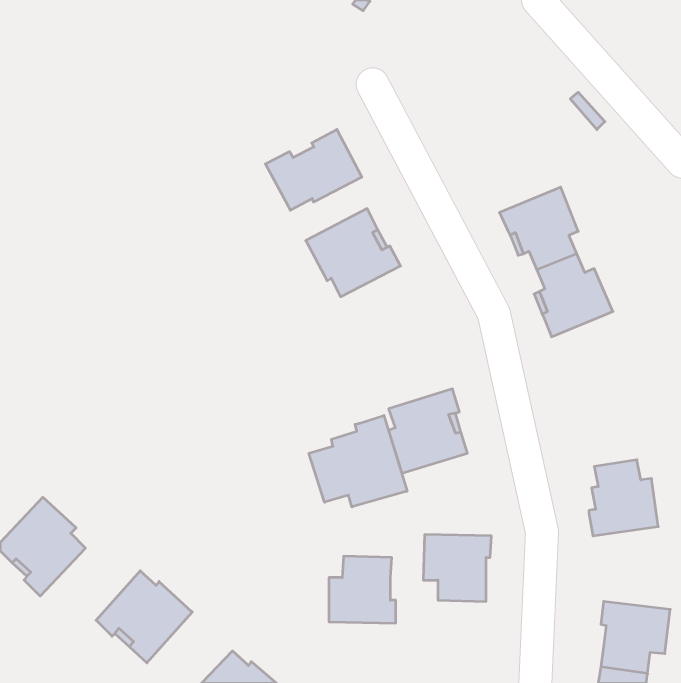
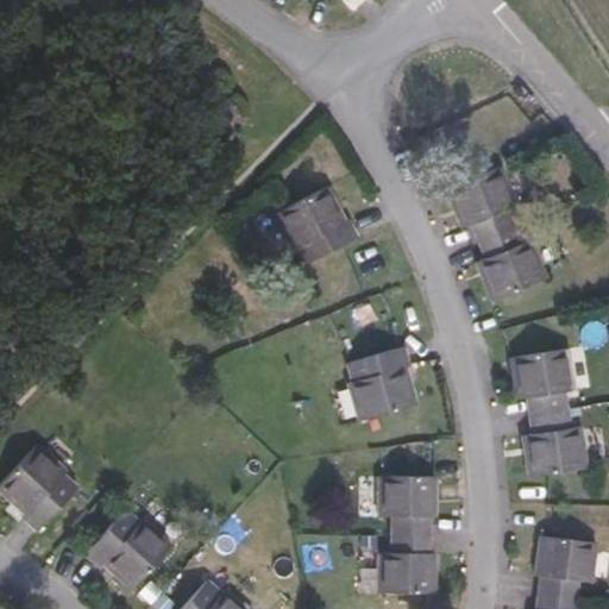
building: [265,129,362,210] -> none
building: none -> [511,349,576,415]
building: [309,415,407,507] -> none
building: [329,556,396,623] -> [378,534,438,594]

